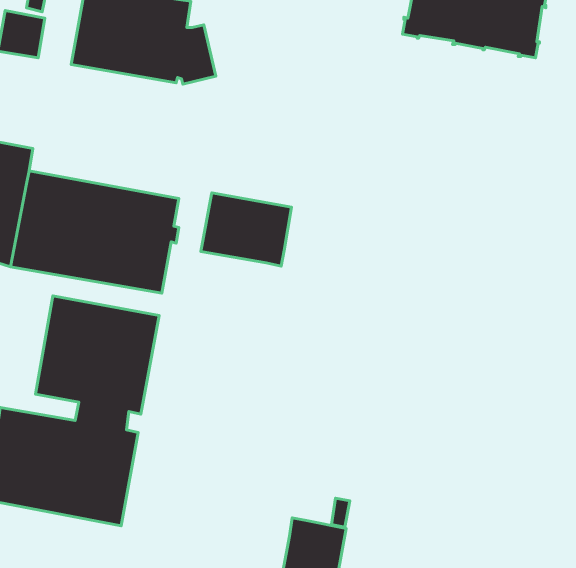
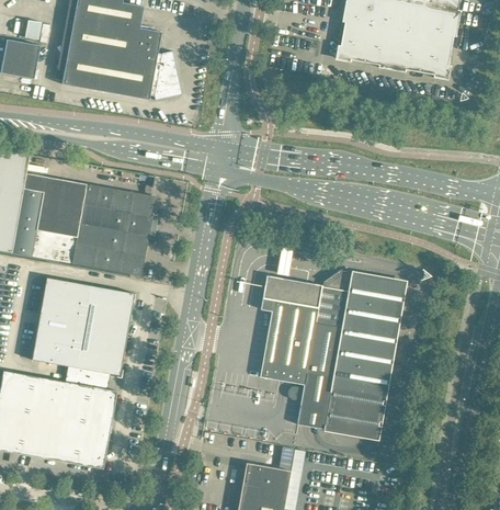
building: [201,193,291,266] -> none
building: none -> [261,270,405,437]

